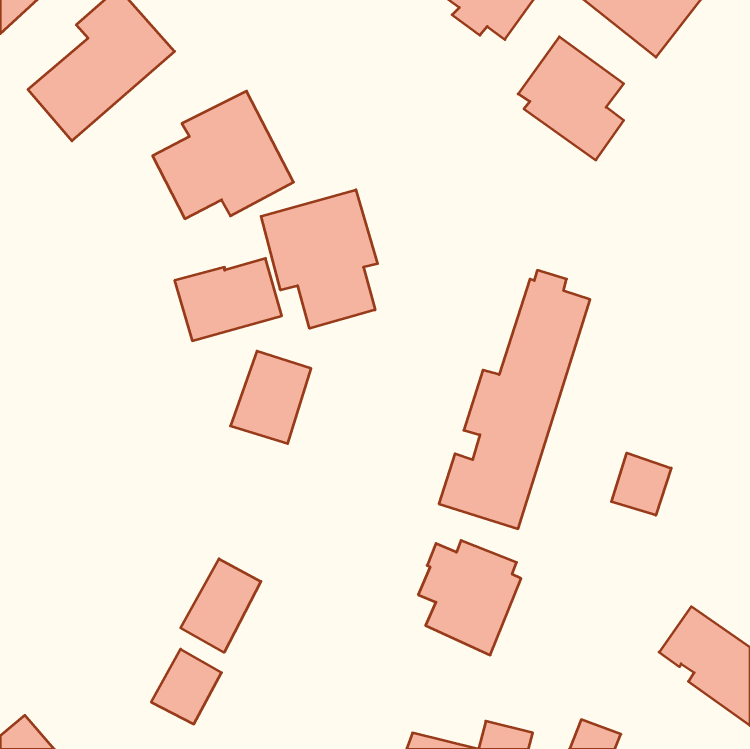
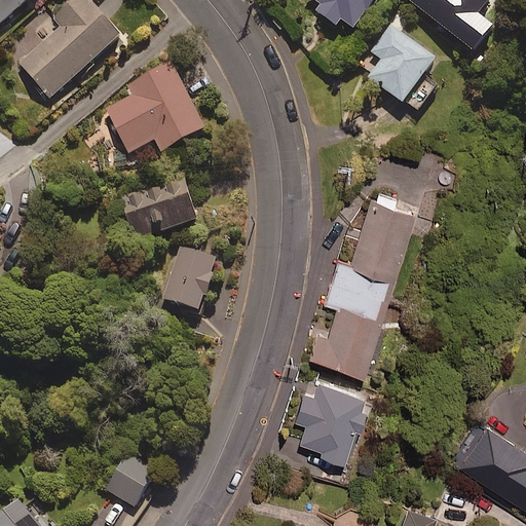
building: [261,190,378,328] -> none
building: [611,453,671,515] -> none
building: [181,559,261,652] -> none

